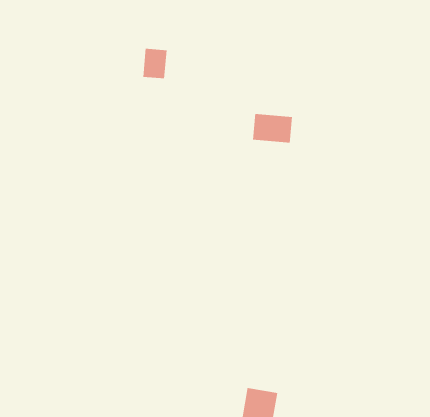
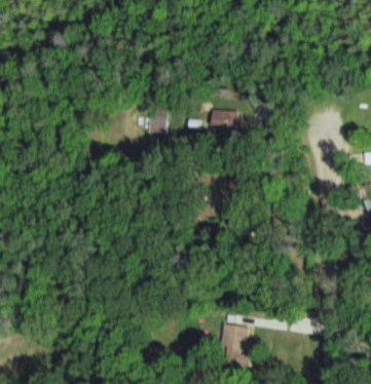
building: [142,48,167,79] -> [150,111,168,133]

